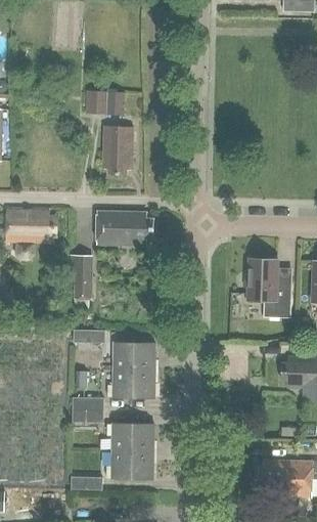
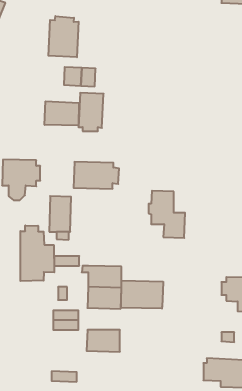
building: none -> [48,16,79,57]
building: none -> [45,101,79,126]
building: [244,259,290,318] -> [149,191,185,238]
building: none -> [20,225,54,281]
building: none -> [121,281,163,309]
building: [111,450,153,478] -> none

